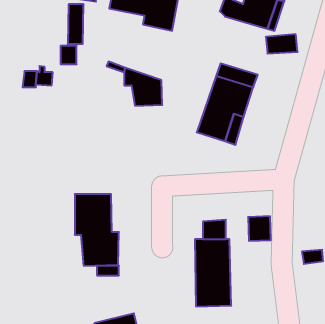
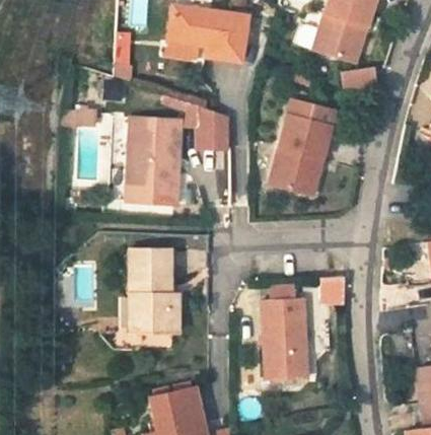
building: none -> [131,119,177,203]

